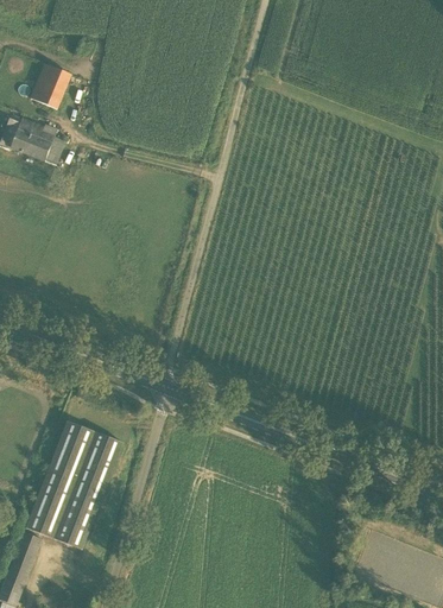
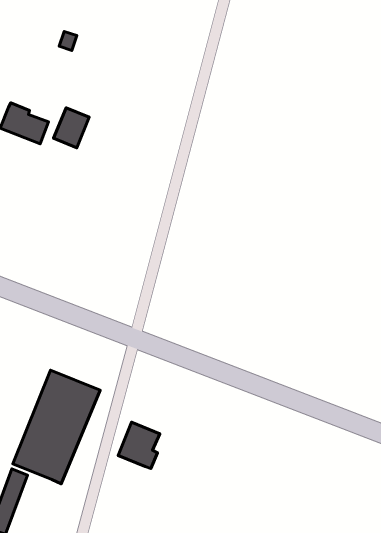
building: [30,64,70,109] -> [54,108,89,148]
building: none -> [118,422,160,468]

